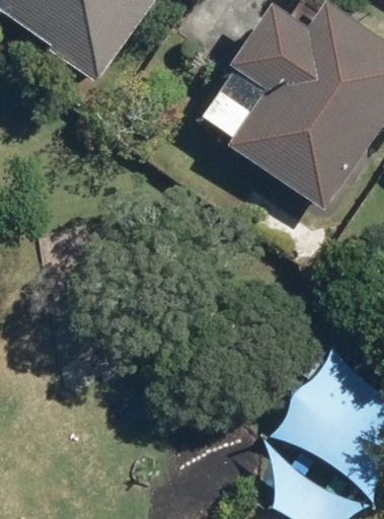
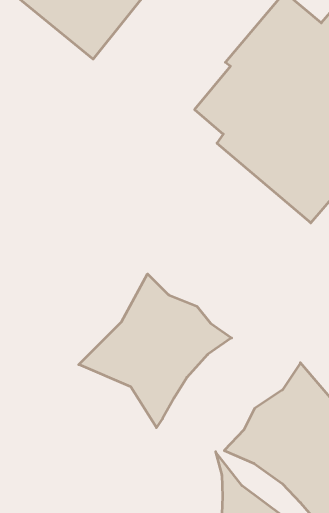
building: none -> [79,274,232,428]

